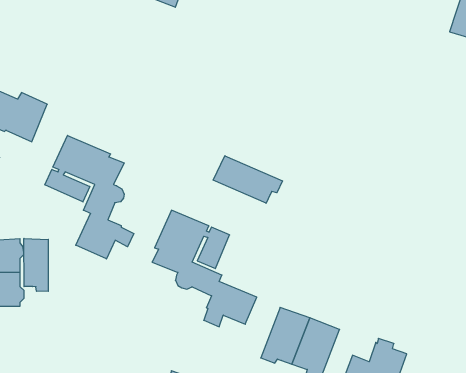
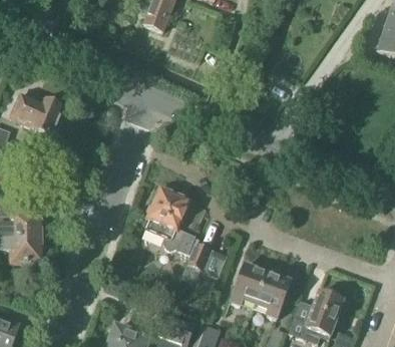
building: [45,135,134,259] -> none
building: [213,156,282,203] -> none
building: [24,238,48,291] -> none

